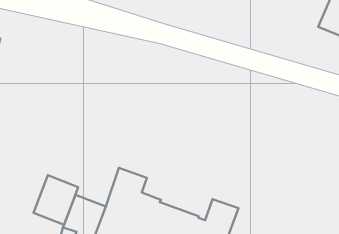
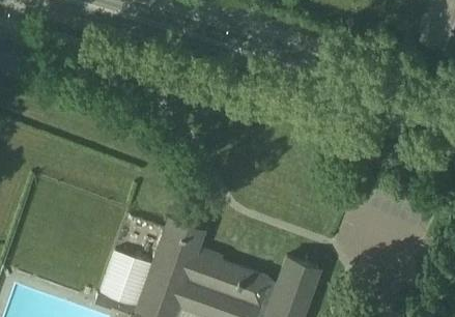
building: [34,175,78,225] -> none

